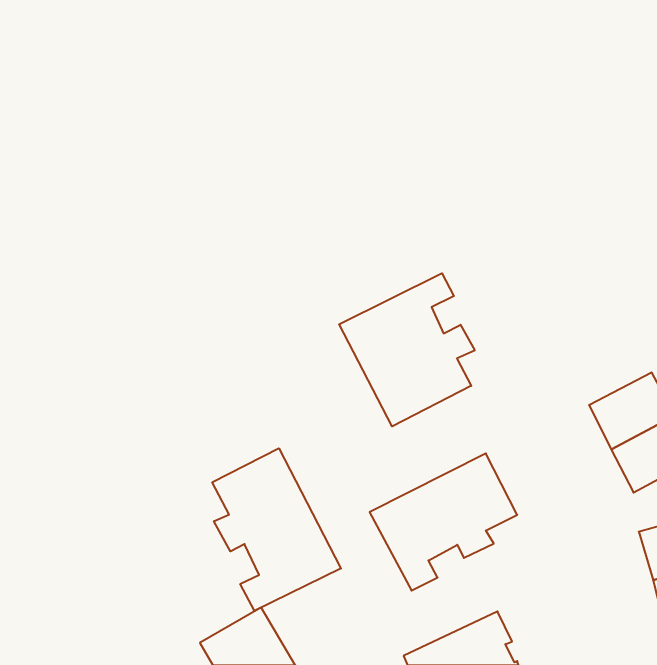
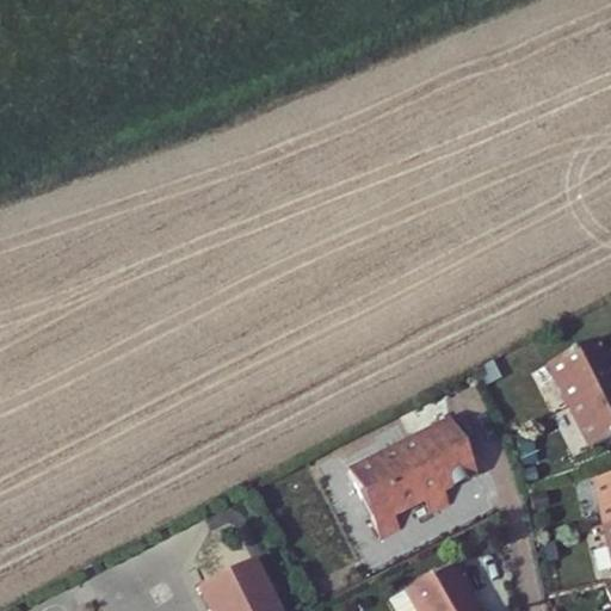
building: [339,273,475,426] -> none
building: [212,448,341,611] -> none

